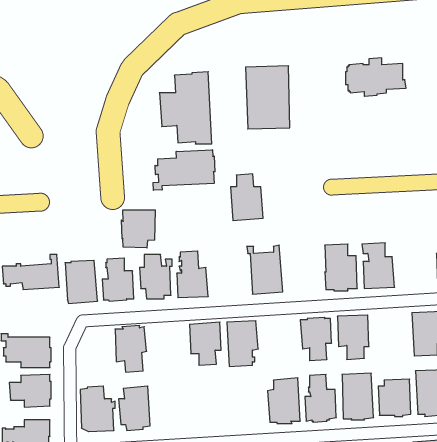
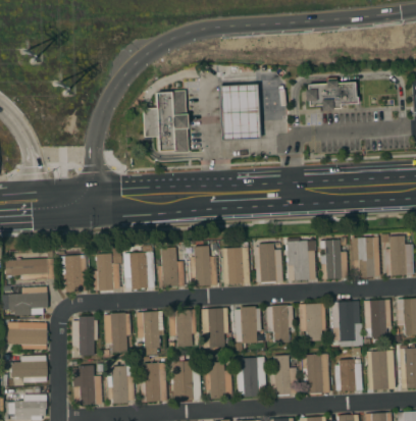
building: [153,150,215,190] -> none
building: [231,174,263,221] -> [190,246,218,286]
building: [121,210,155,248] -> none
building: none -> [352,236,380,277]
building: none -> [254,243,283,282]
building: none -> [9,286,48,316]
building: none -> [331,301,359,346]
building: none -> [235,306,261,344]
building: none -> [137,311,164,355]
building: none -> [72,316,98,356]
building: none -> [205,362,233,399]
building: none -> [141,363,168,403]
building: none -> [173,363,200,401]

